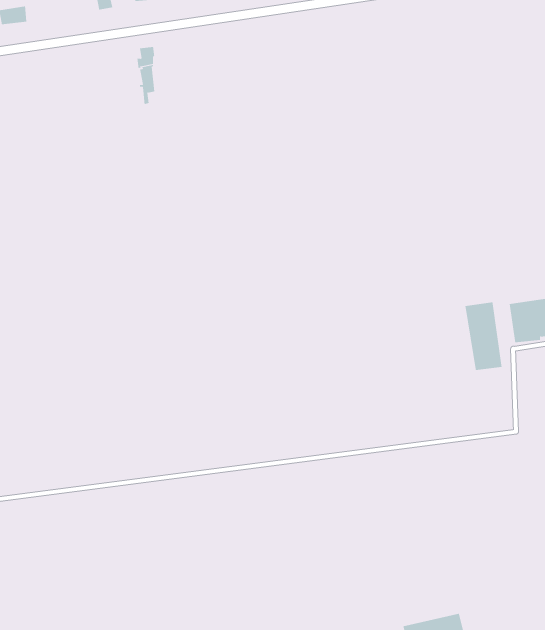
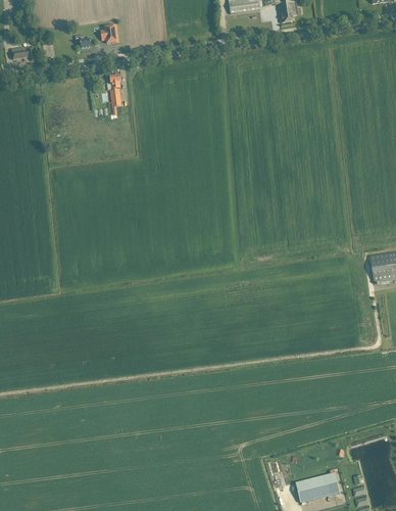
building: [465,302,502,371] -> none

